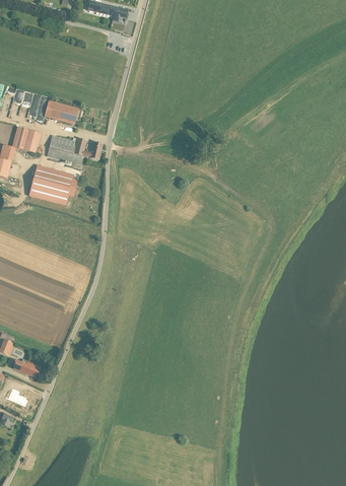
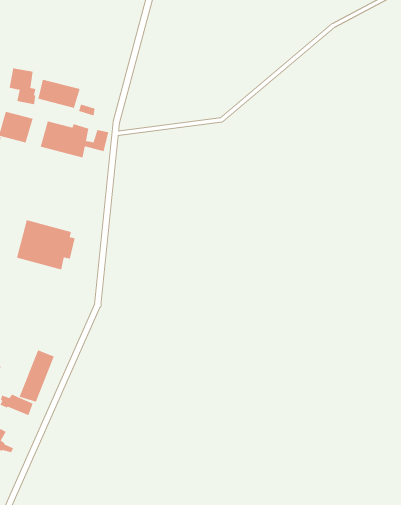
building: [28,163,77,205] -> [16,220,76,270]
building: none -> [19,349,54,403]

